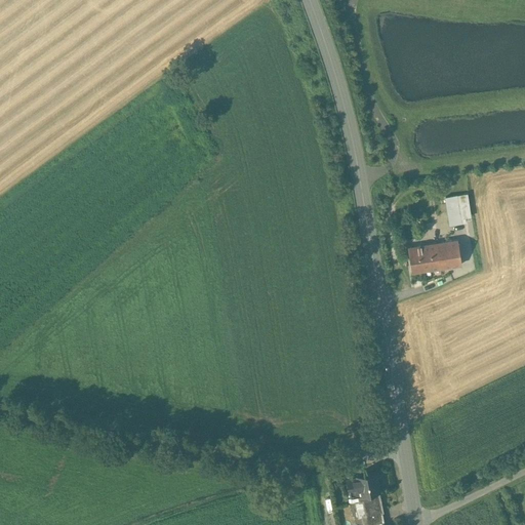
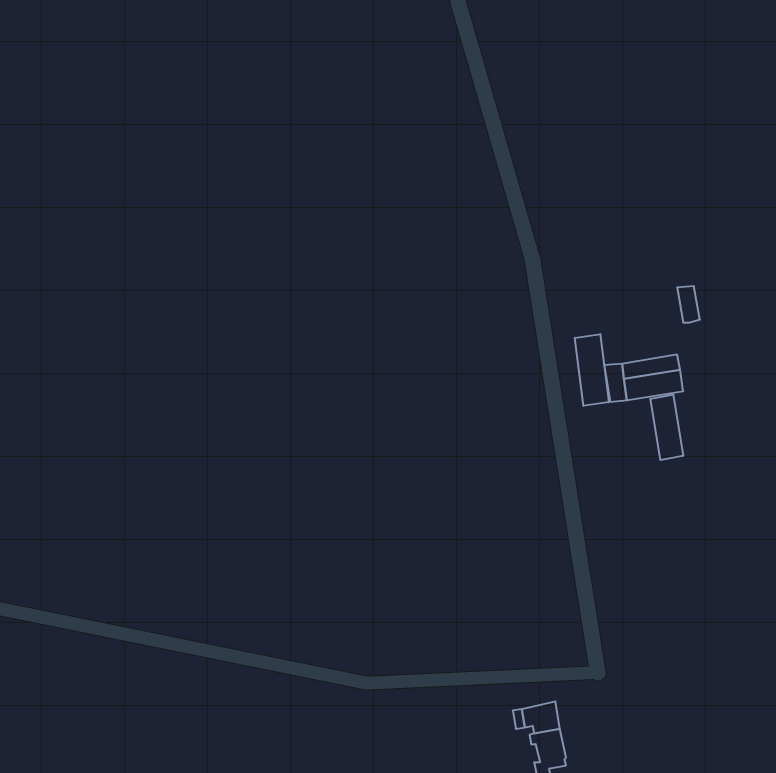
building: [439,197,461,228] -> none
building: none -> [575,334,609,406]
building: none -> [650,395,683,460]

